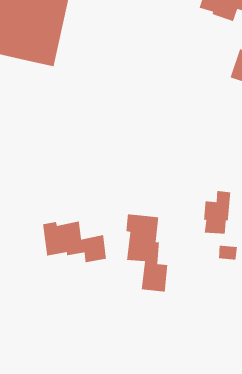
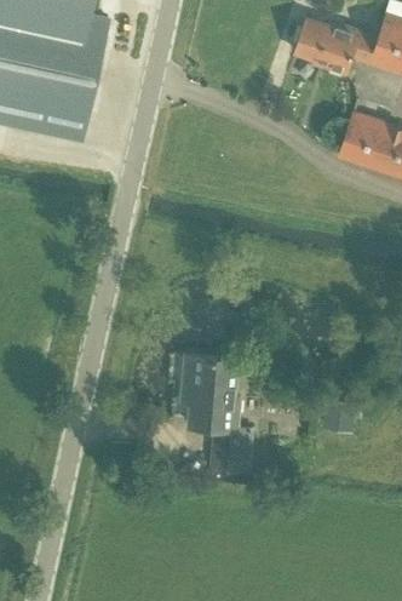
building: [203,190,231,235] -> none
building: [42,220,107,263] -> none

